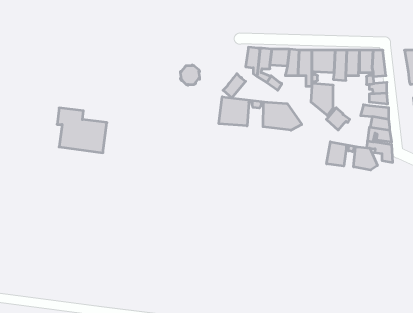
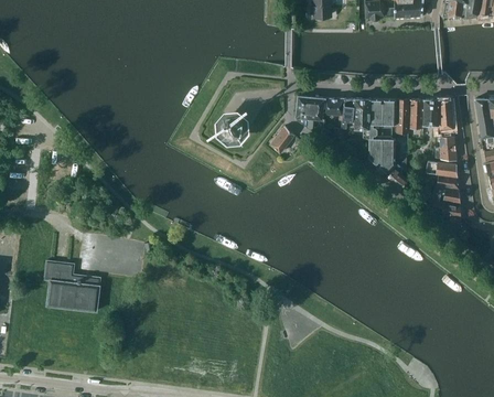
building: [219,97,302,130] -> none
building: [57,108,107,153] -> [44,261,100,312]
building: [327,142,377,170] -> none

